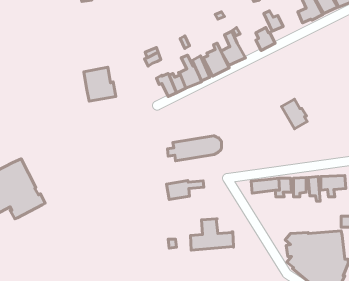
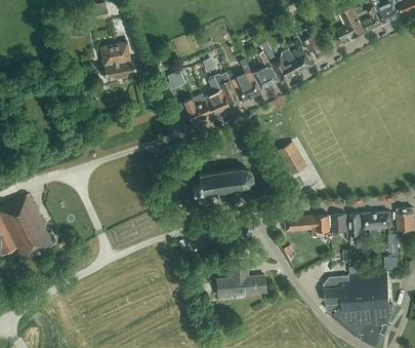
building: none -> [271,49,296,82]
building: [84,67,116,101] -> [100,42,136,80]
building: [282,99,307,129] -> [277,143,305,176]
building: [167,180,204,199] -> none

